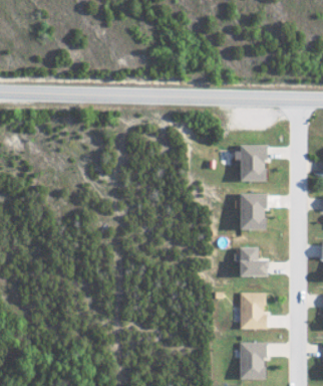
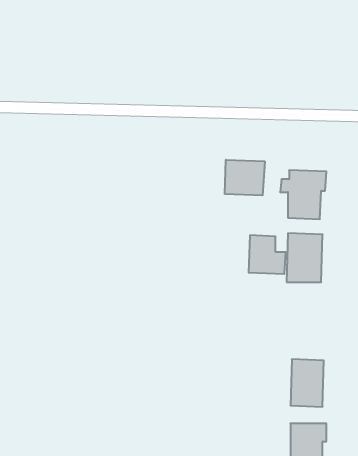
building: none -> [225,160,265,195]
building: [237,247,266,277] -> [249,235,286,274]

